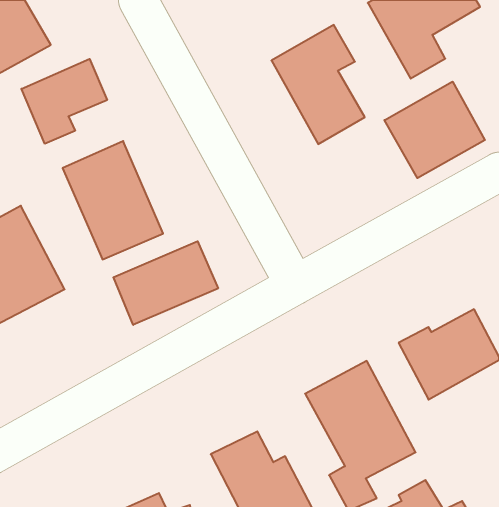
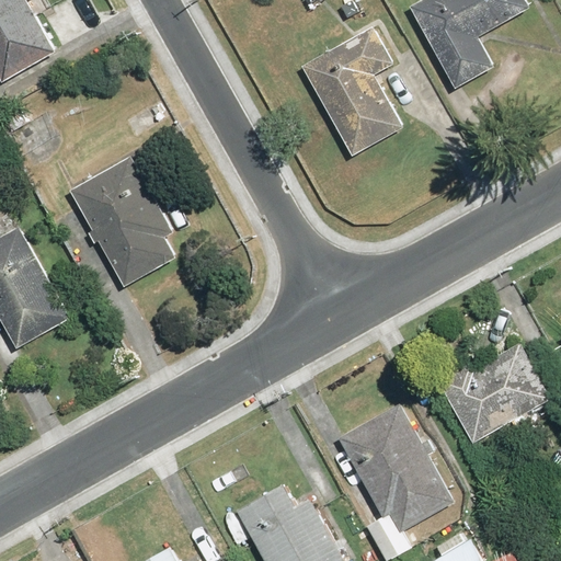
building: [21,59,107,144] -> none
building: [384,82,485,178] -> none
building: [113,241,218,325] -> none

